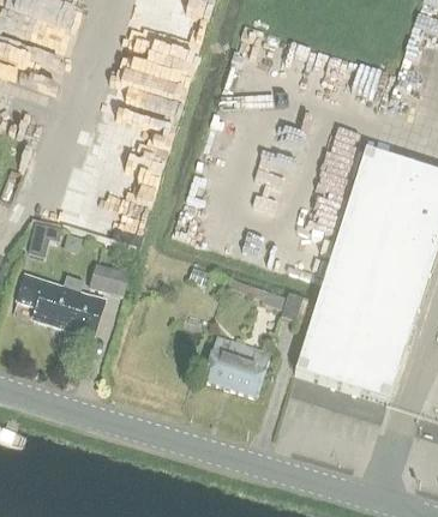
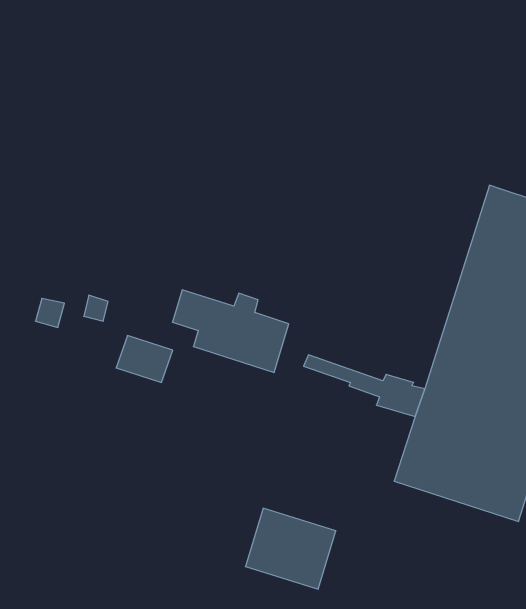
building: [18,275,104,336] -> [172,290,289,372]
building: [204,333,271,393] -> [245,508,336,589]

